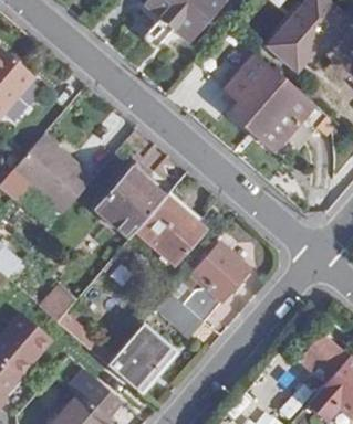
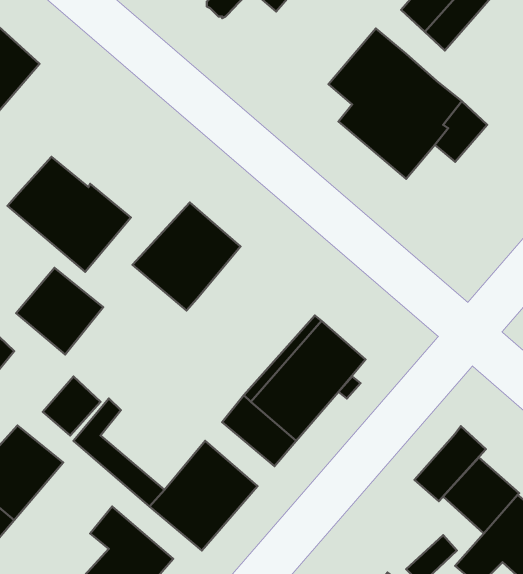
building: [137,195,205,263] -> none
building: none -> [16,268,103,355]
building: none -> [414,426,486,501]

